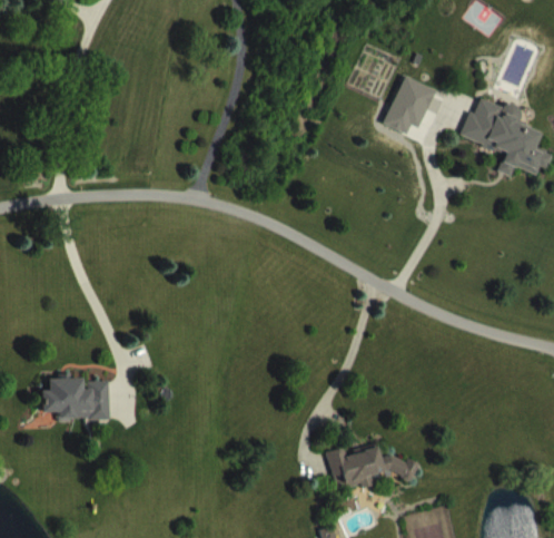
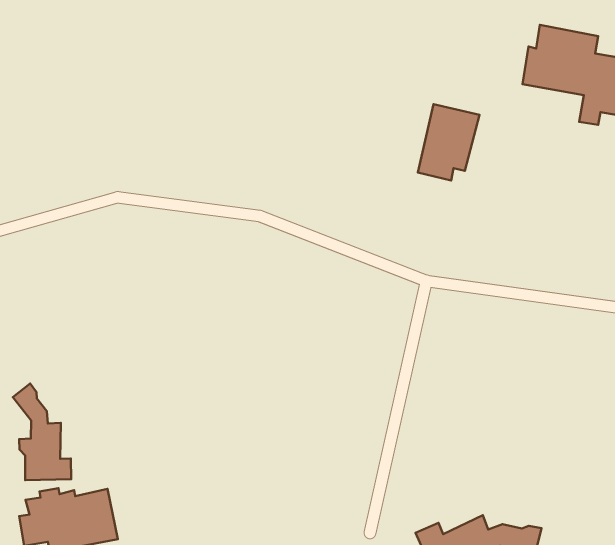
building: [384,76,436,134] -> [418,104,480,181]
building: none -> [13,384,71,480]

